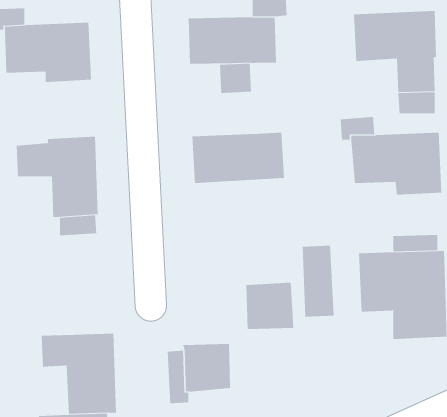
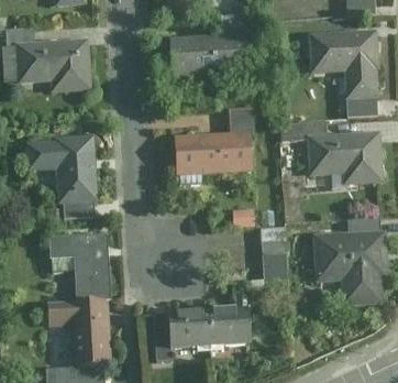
building: [219,63,252,93] -> [228,107,255,132]
building: none -> [48,233,109,300]
building: [246,282,294,329] -> [206,306,246,346]

